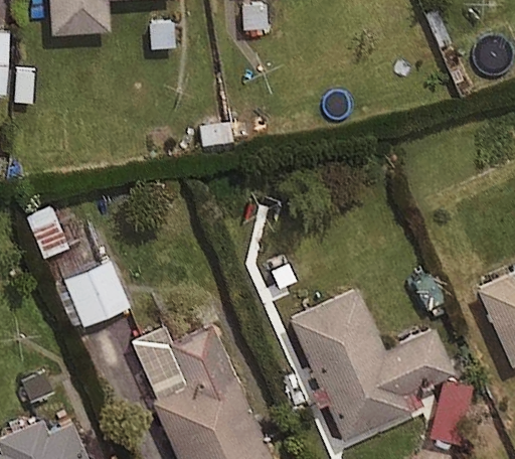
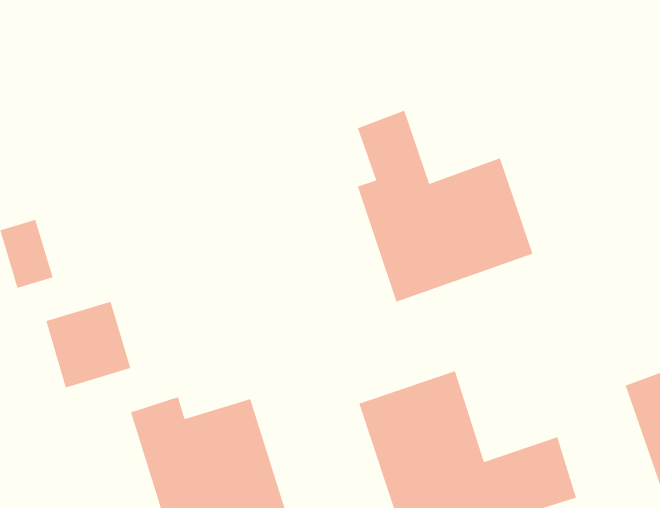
building: none -> [357,110,533,302]

